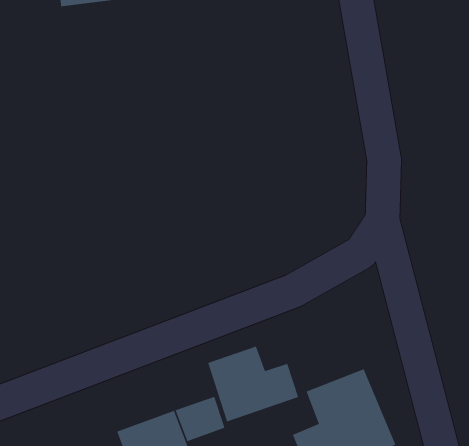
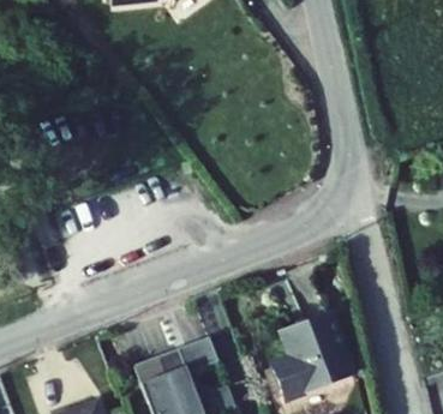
building: [207,346,299,423] -> none

